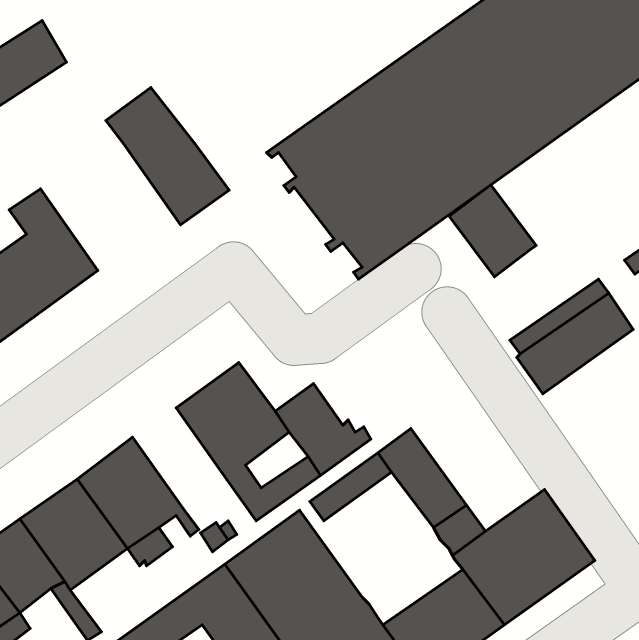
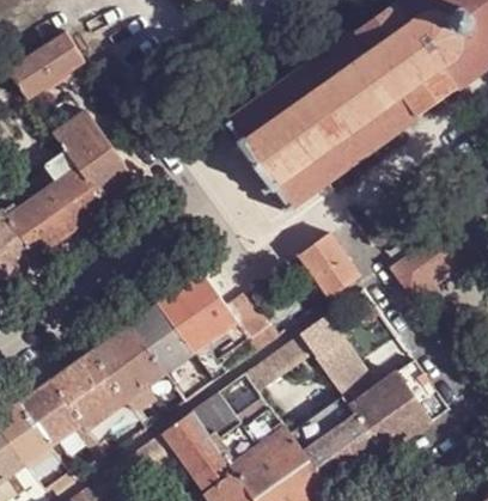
building: [106,88,229,225] -> [54,114,139,208]
building: [449,185,536,277] -> [299,233,359,297]
building: none -> [129,303,194,372]
building: none -> [287,393,356,452]

